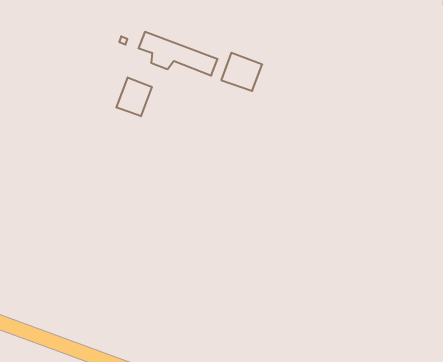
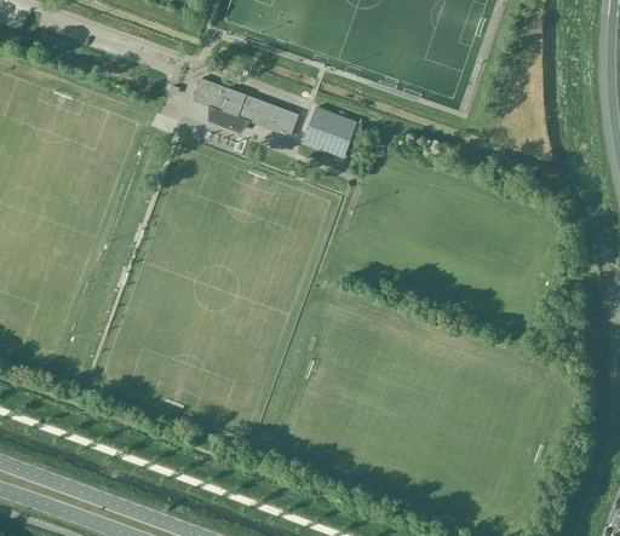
building: [116,77,152,116] -> none

